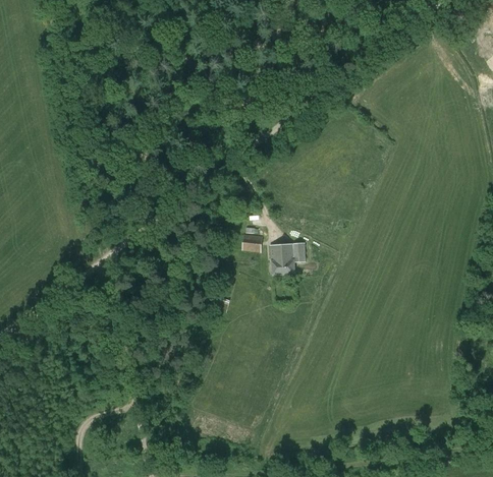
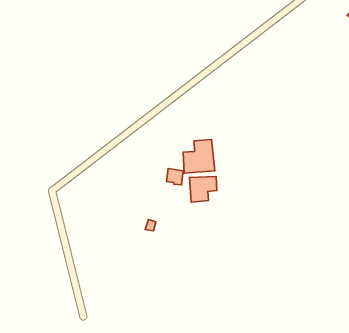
building: none -> [183,139,215,173]

